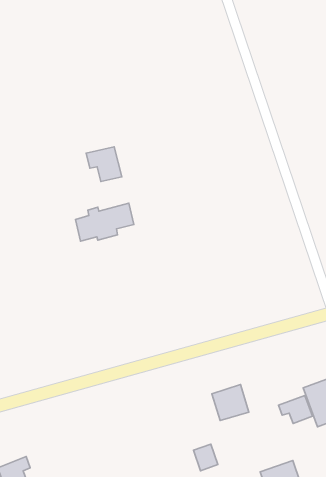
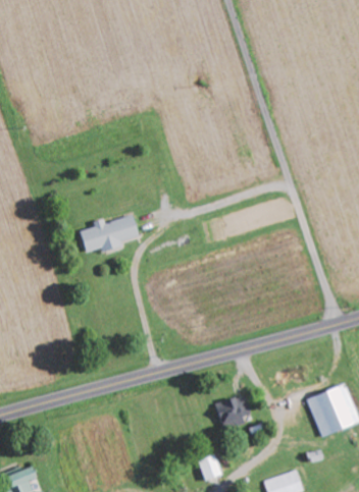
building: [86,147,122,182] -> none
building: [278,396,313,423] -> none

